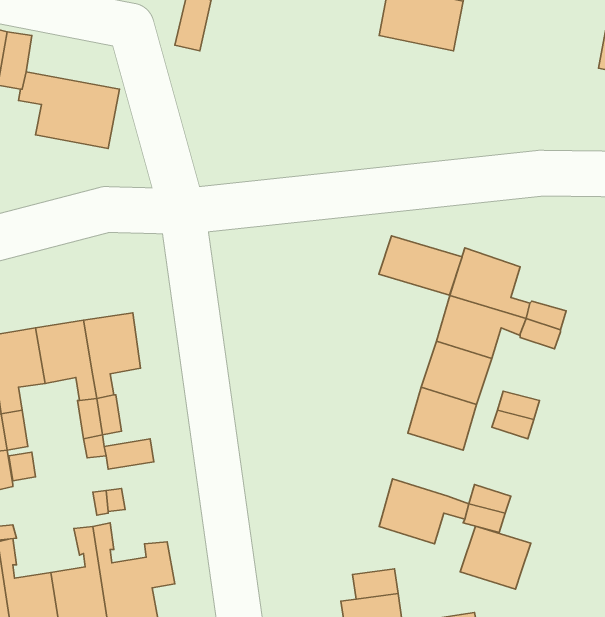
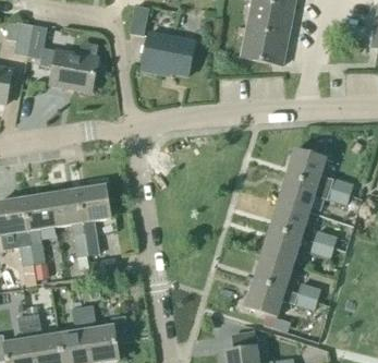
building: none -> [240,26,288,64]
building: none -> [141,31,194,74]
building: [379,236,462,295] -> none
building: [460,526,531,589] -> [253,253,293,289]

